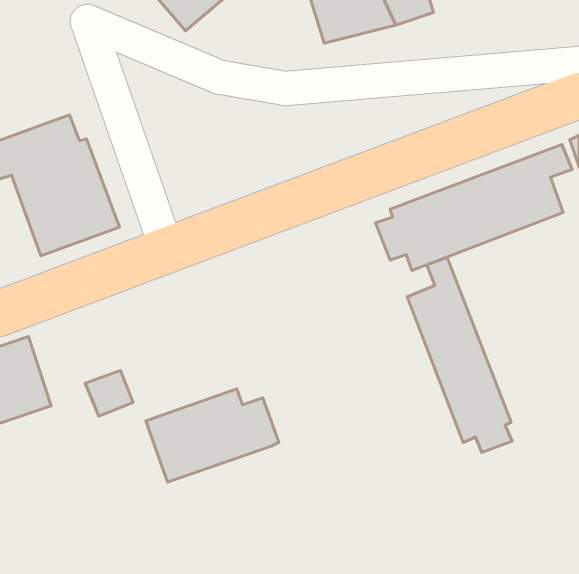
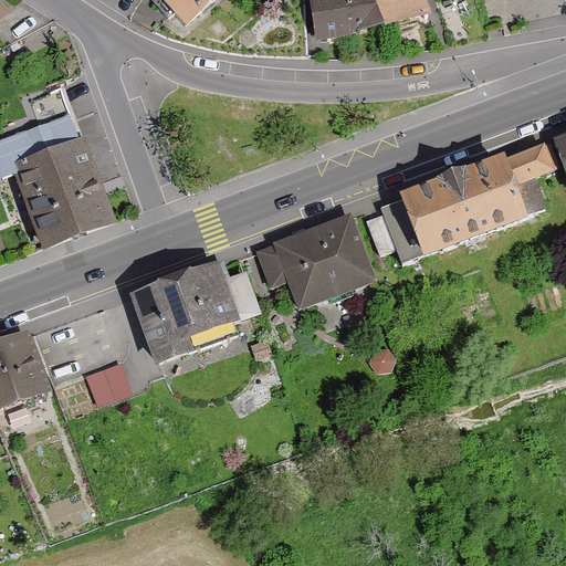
building: none -> [255,213,374,306]
building: [407,258,512,452] -> none
building: [146,389,279,482] -> [128,265,258,356]

